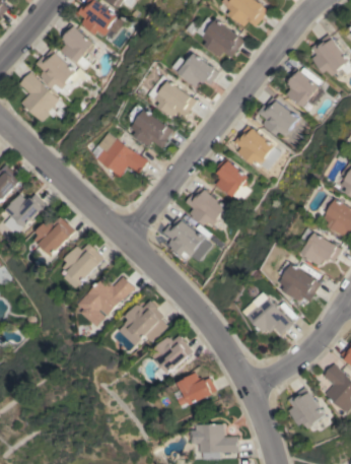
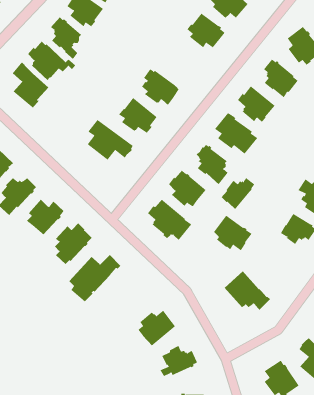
building: [181,54,220,87] -> none
building: none -> [221,177,255,210]
building: [280,264,322,303] -> [213,215,253,251]
building: [123,301,167,344] -> none

